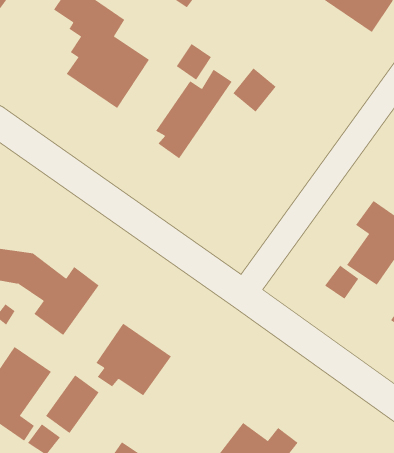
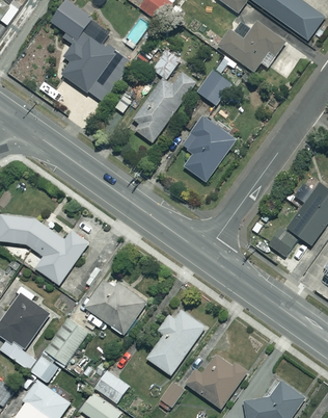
building: none -> [218,21,285,72]
building: none -> [182,116,235,181]
building: none -> [145,310,204,374]

